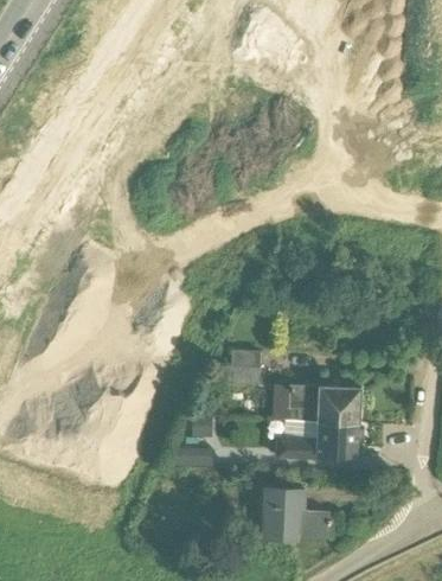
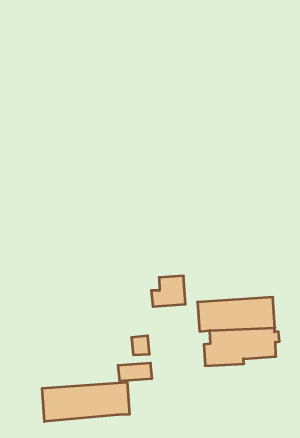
building: none -> [42,382,129,422]
building: [265,490,331,540] -> none

